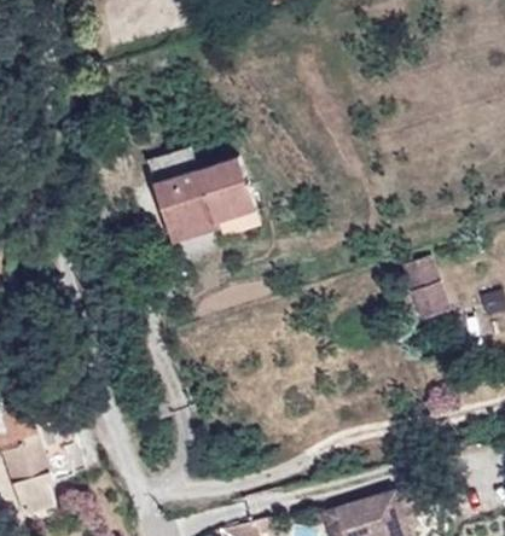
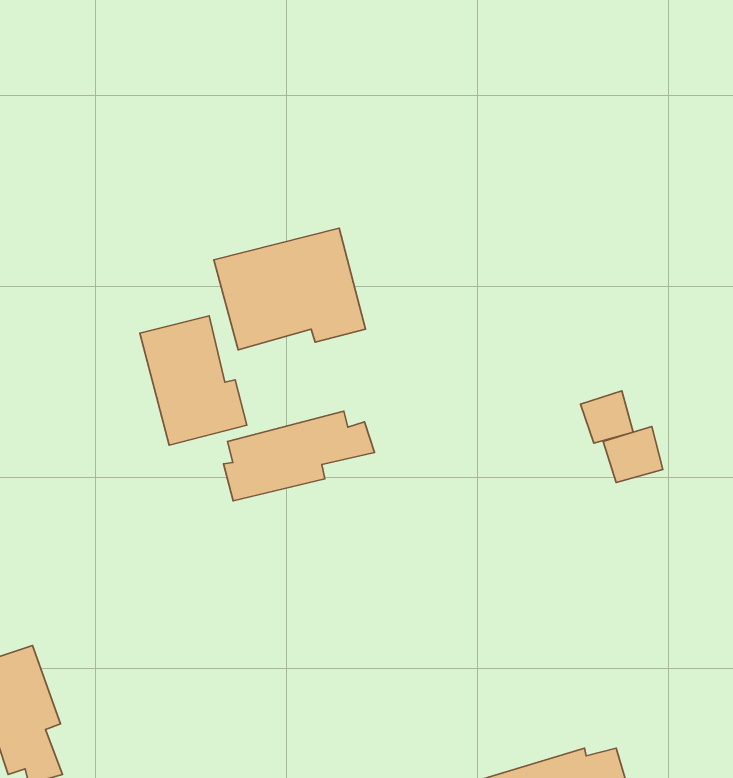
building: none -> [140,316,247,445]
building: none -> [224,411,374,501]

